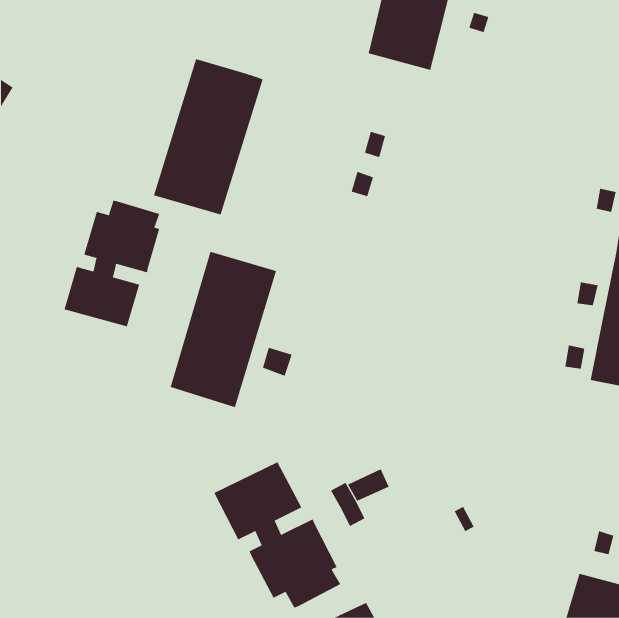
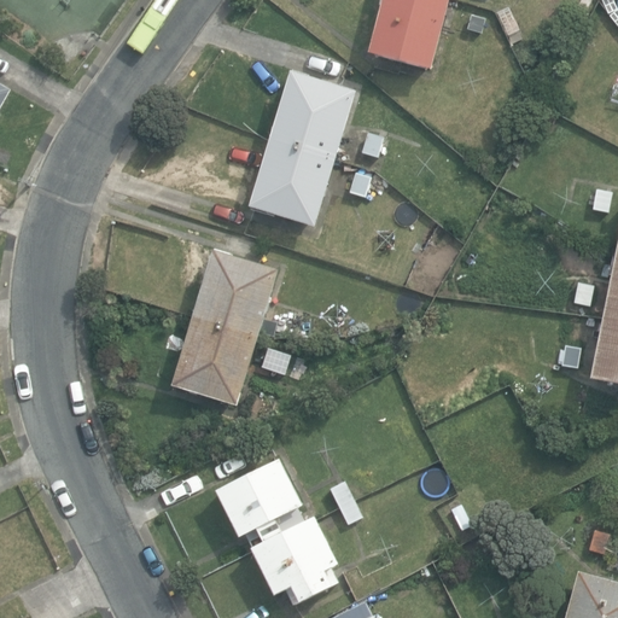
building: [153,58,264,215] -> [246,71,356,227]
building: [64,200,160,327] -> none

